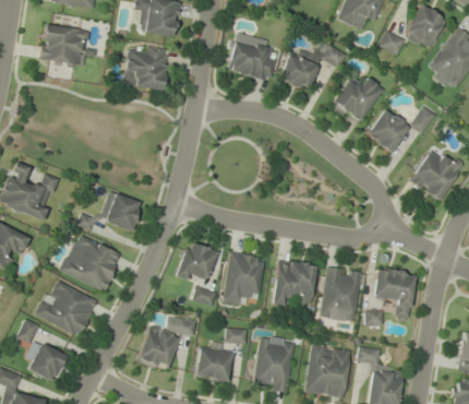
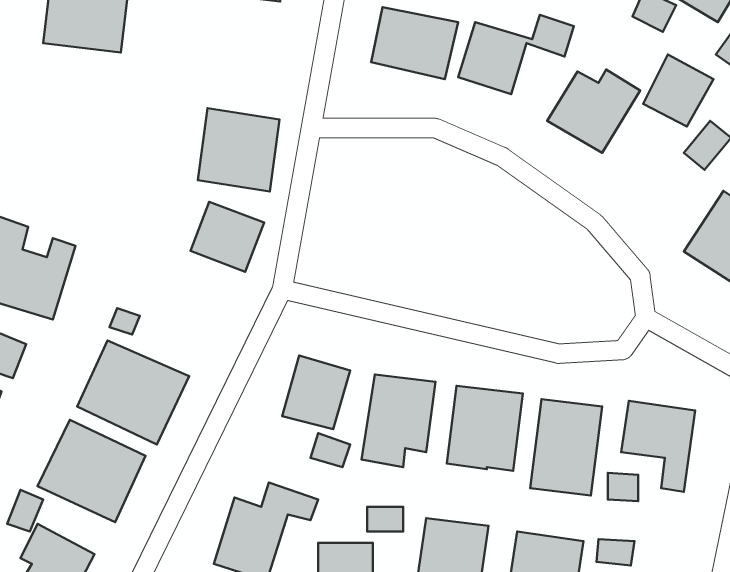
building: [123,44,170,92] -> [198,108,279,192]
building: [368,109,408,151] -> [643,55,713,126]
building: [100,191,143,231] -> [190,202,264,272]

